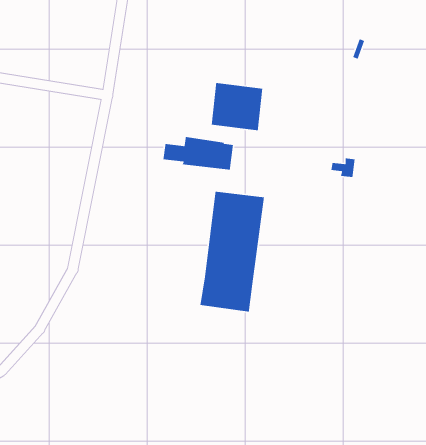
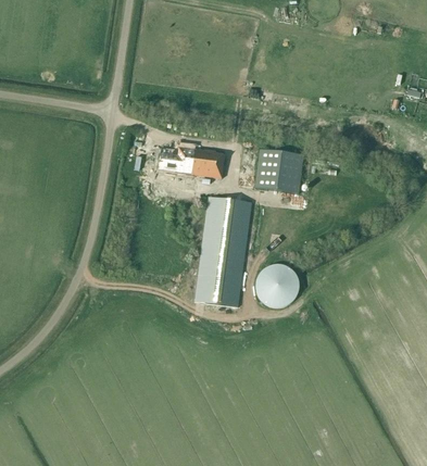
building: [211,82,263,131] -> [254,148,302,192]
building: none -> [260,274,296,307]

